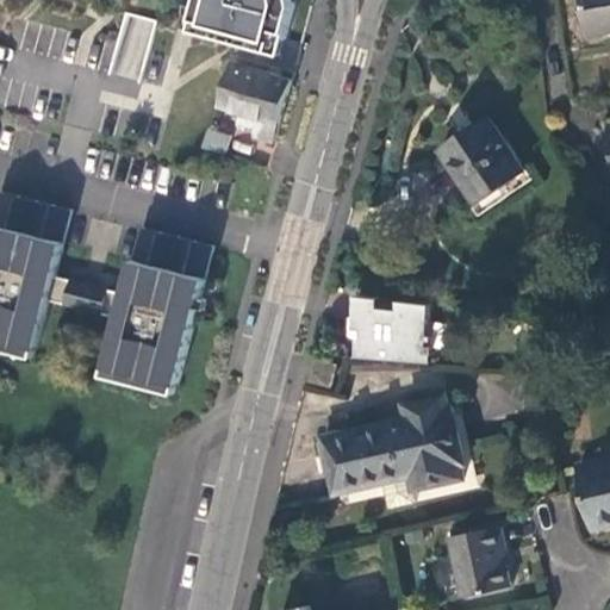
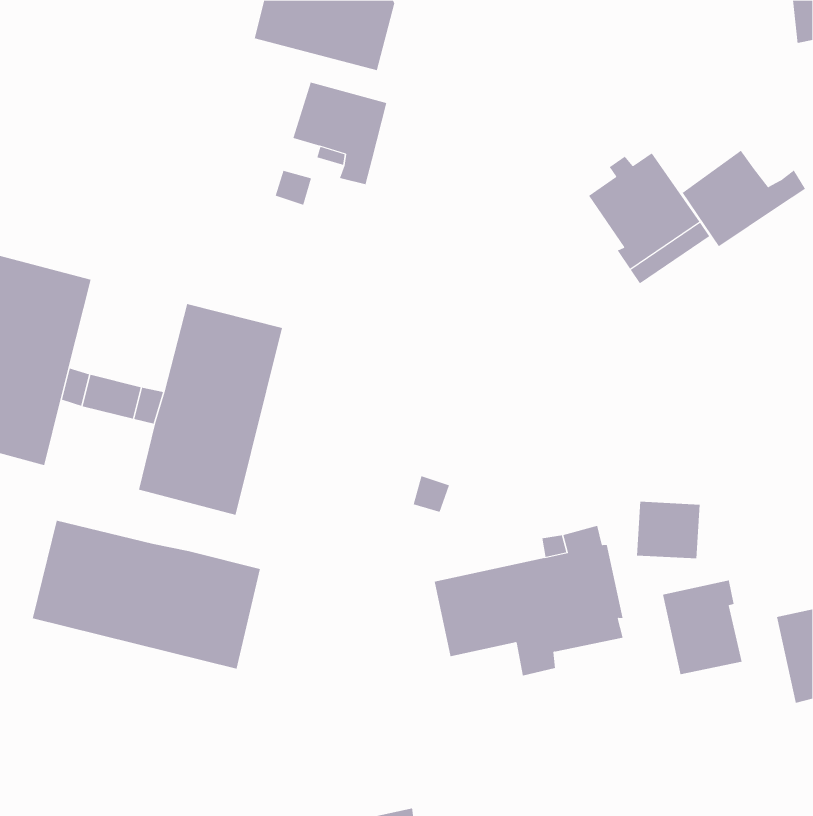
building: [100,14,148,83] -> none
building: none -> [682,150,806,247]
building: [344,294,425,362] -> none
building: none -> [32,520,260,670]
building: [447,523,506,593] -> [662,580,742,675]

